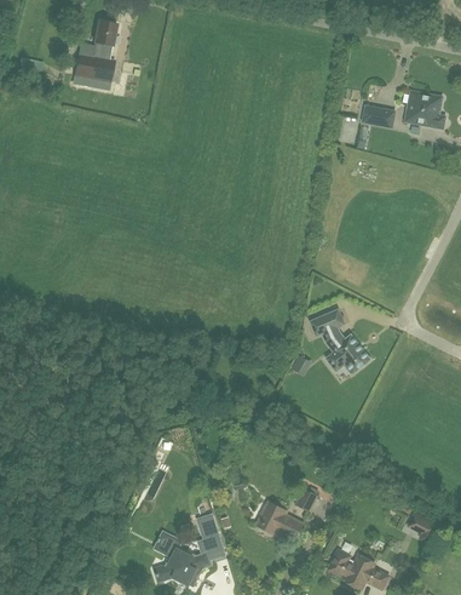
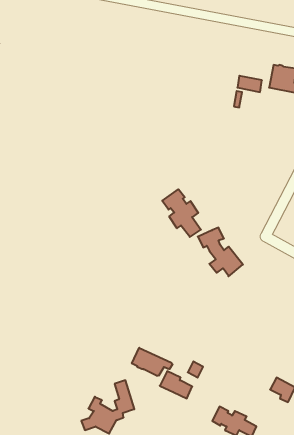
building: [74,19,116,80] -> none
building: none -> [162,189,201,237]
building: none -> [132,348,173,376]

